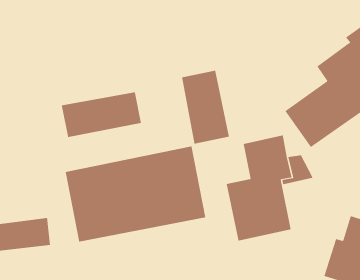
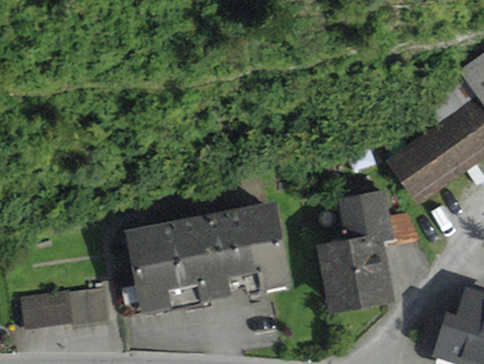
building: [182,70,229,145] -> none
building: [61,92,142,138] -> none

